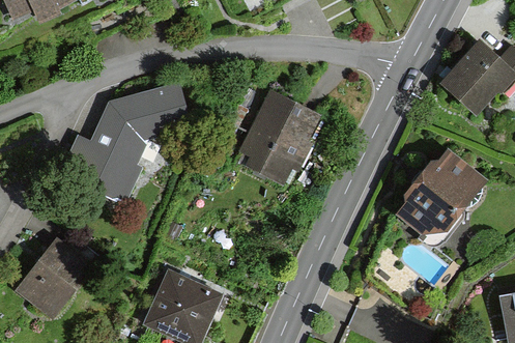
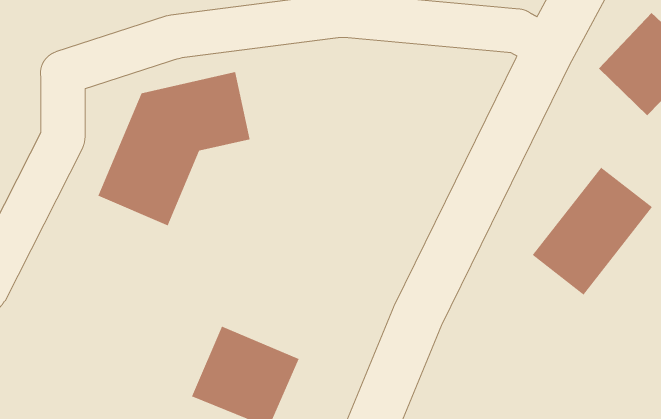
building: [245,96,319,181] -> none
building: [20,235,95,316] -> none

